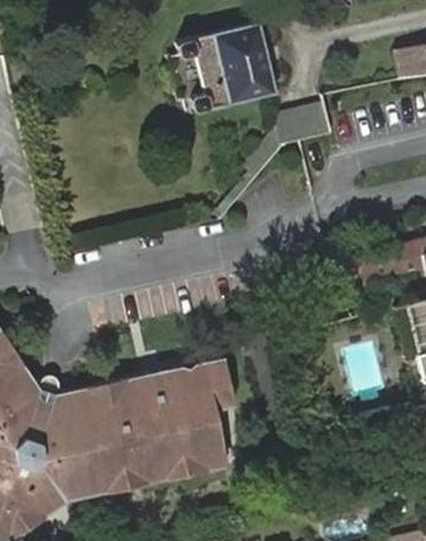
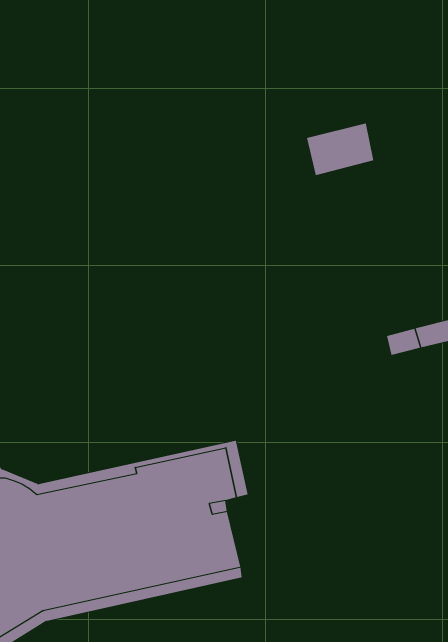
building: [177,24,276,115] -> none

